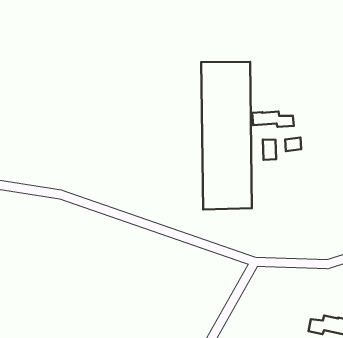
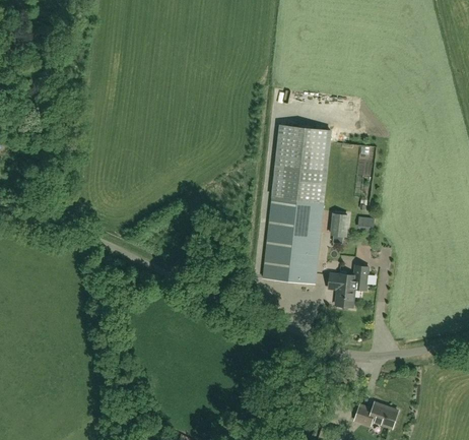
building: [252,112,294,127] -> none
building: none -> [328,266,367,307]

